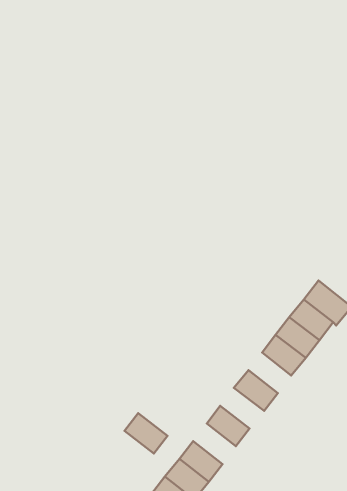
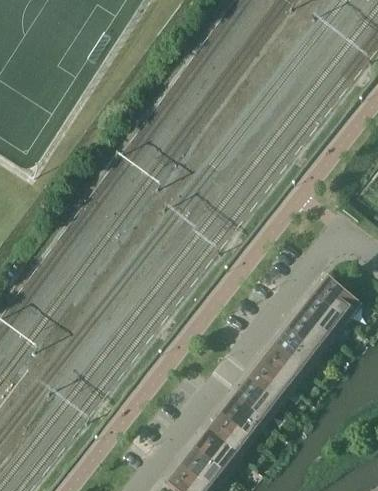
building: none -> [261,345,302,384]
building: none -> [234,379,276,418]
building: [125,413,167,454] -> [208,413,249,452]

